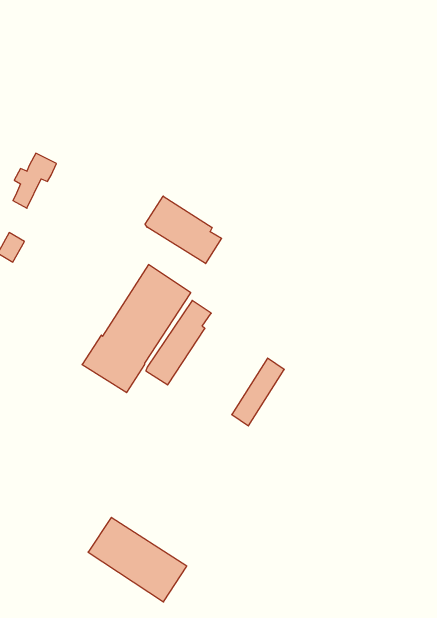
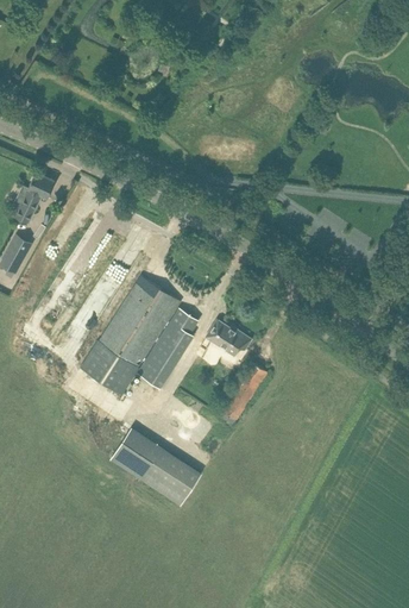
building: [145,196,222,264] -> none
building: none -> [206,319,250,355]
building: [88,517,187,602] -> [109,427,201,506]

